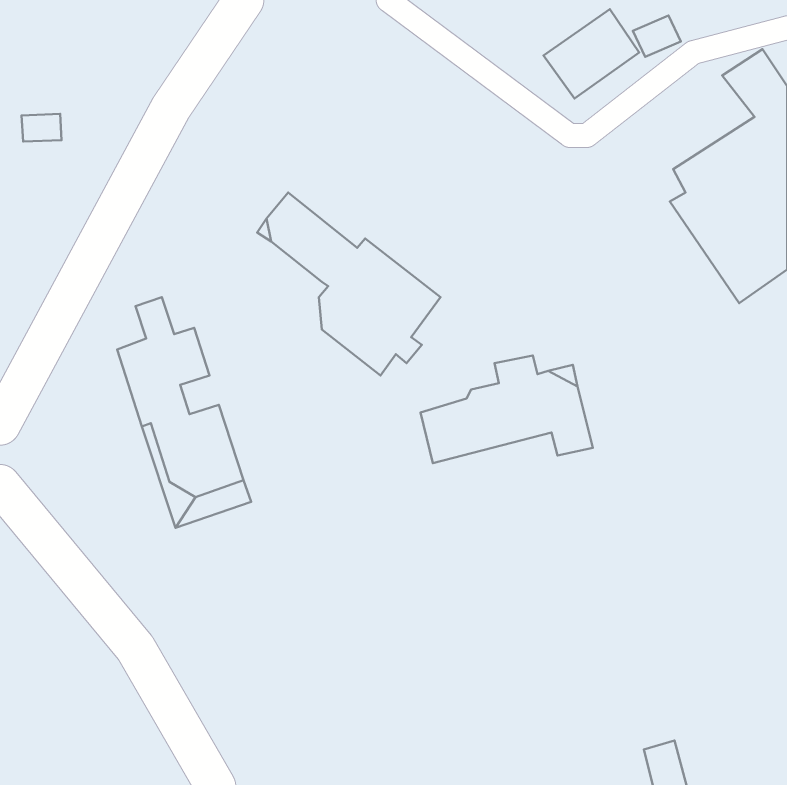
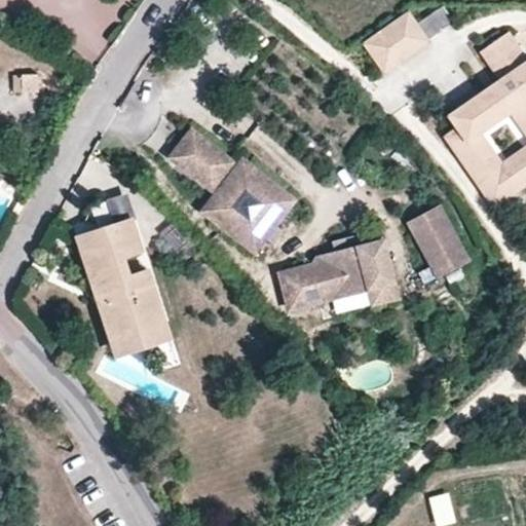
building: none -> [410,212,464,278]

